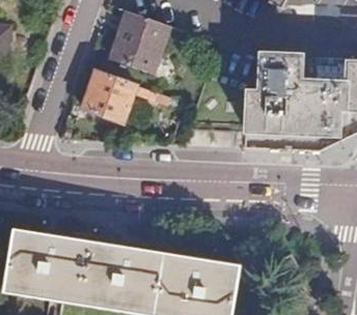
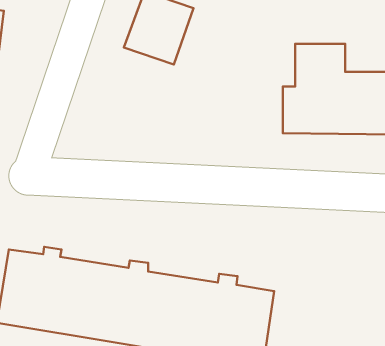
building: [83,69,169,124] -> none

